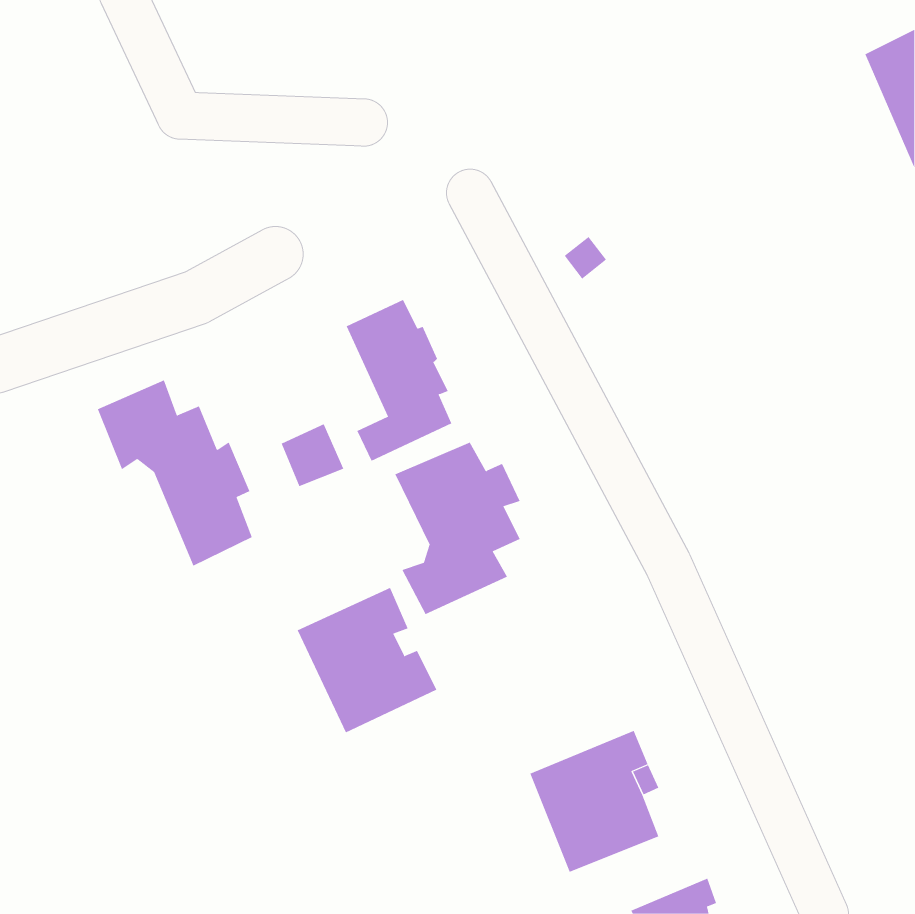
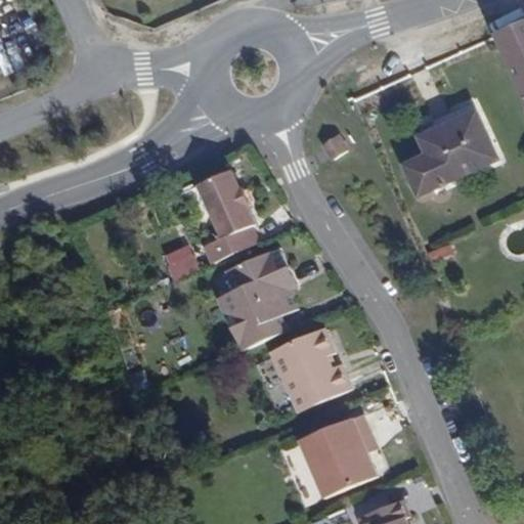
building: none -> [402,108,497,193]
building: [97,380,253,566] -> none
building: [297,587,437,733] -> [270,328,350,410]

